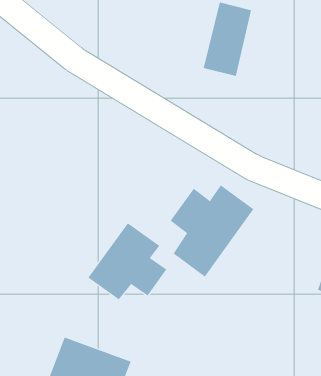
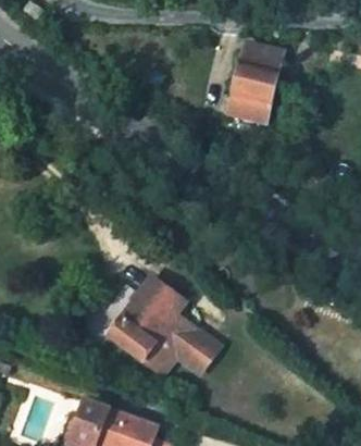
building: [170,185,254,277] -> none
building: none -> [173,329,216,373]

